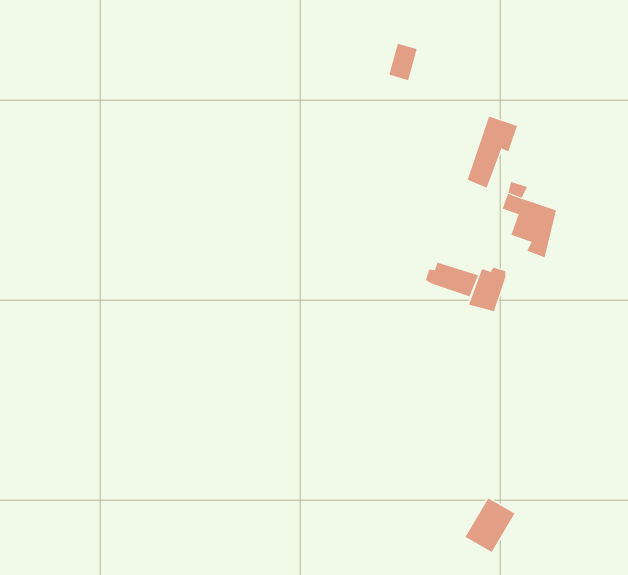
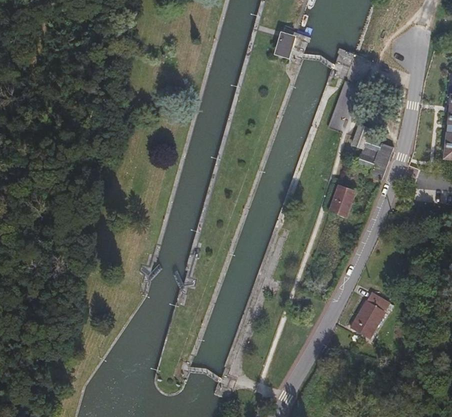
building: [425,262,479,297] -> none
building: [465,498,515,553] -> [351,301,386,339]

